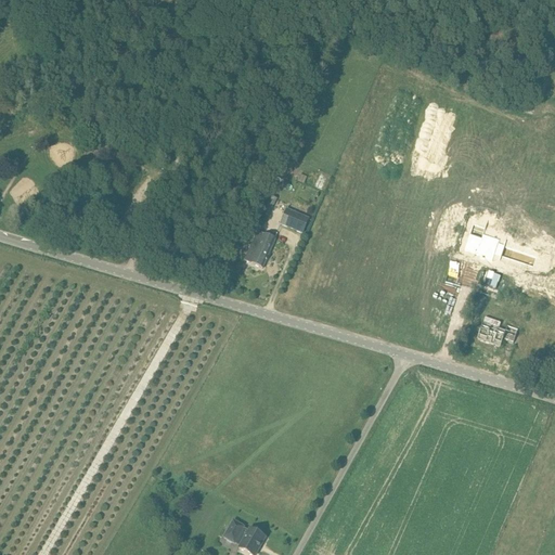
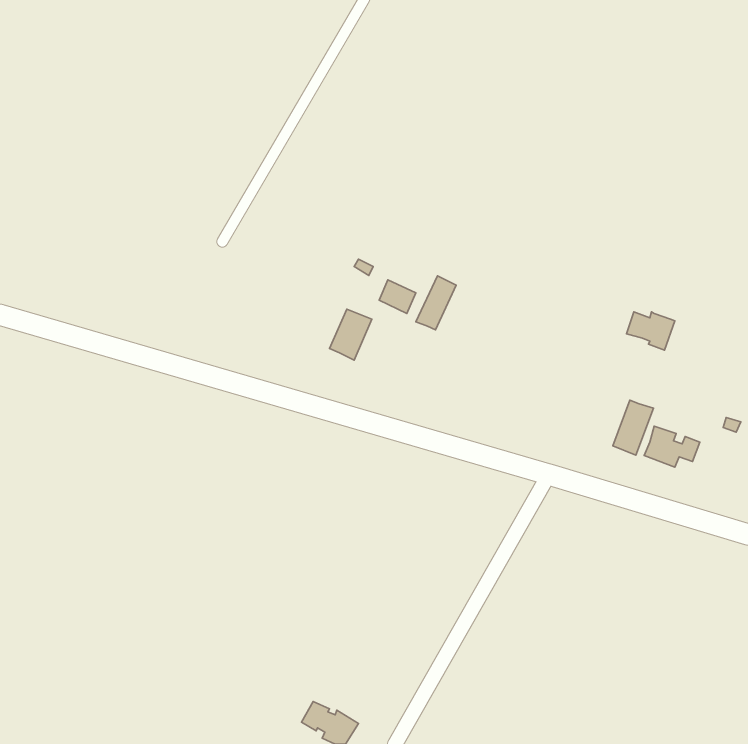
building: none -> [416,276,456,330]
building: none -> [613,400,654,455]

